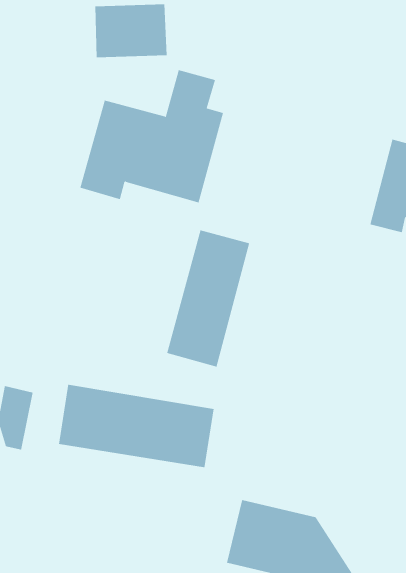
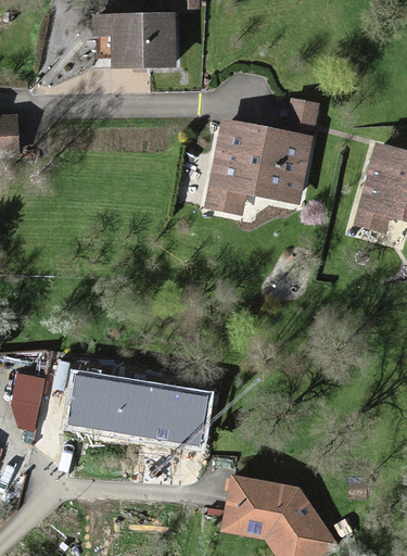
building: [79,69,224,203] -> [204,97,338,220]
building: [166,229,250,368] -> none

